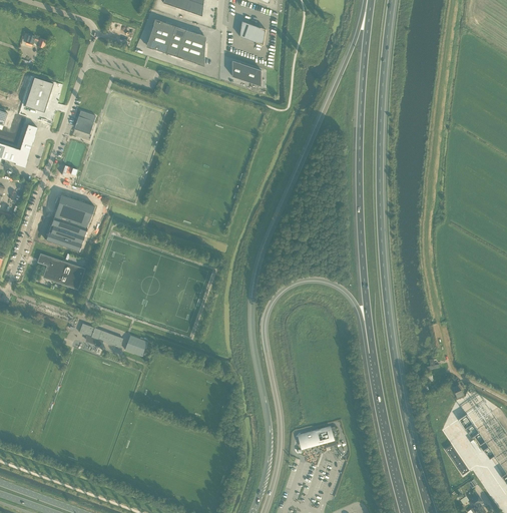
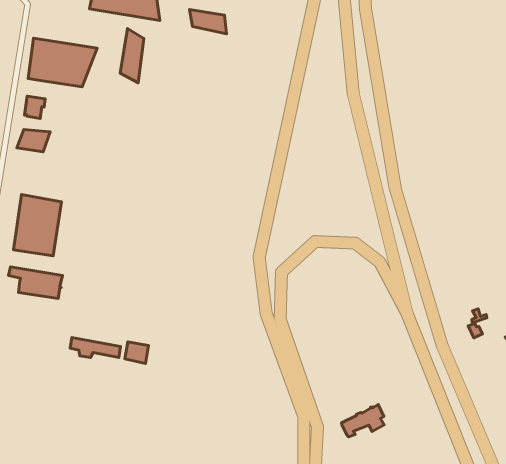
building: none -> [28,38,97,87]
building: none -> [120,29,144,83]
building: none -> [17,129,50,152]

